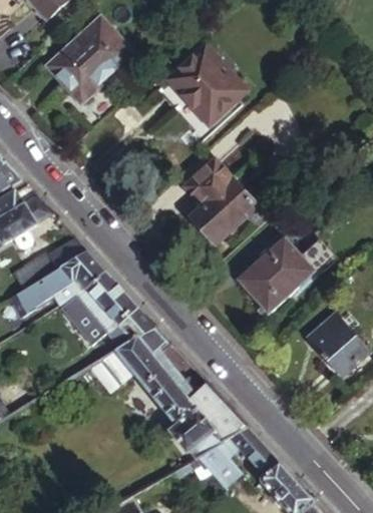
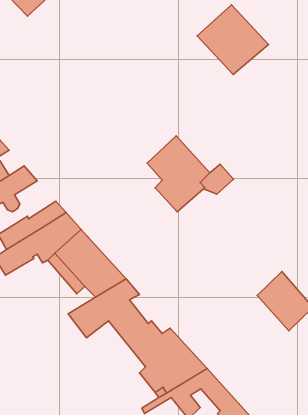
building: [46,20,131,103] -> none
building: [163,47,245,126] -> [197,5,269,75]
building: [234,240,312,321] -> none

